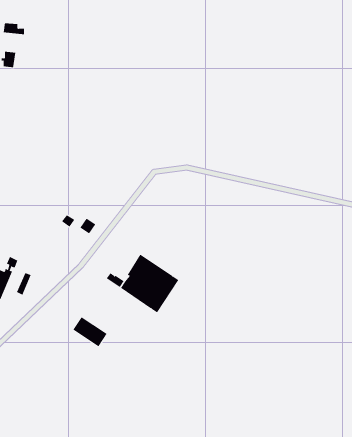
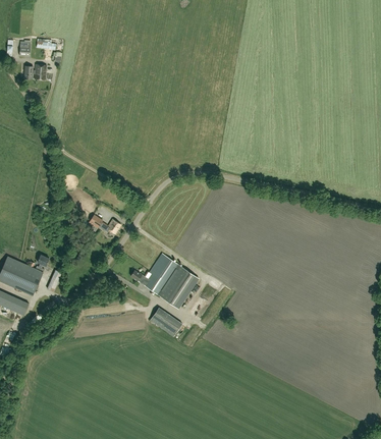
building: [73,316,108,347] -> [149,308,181,336]

